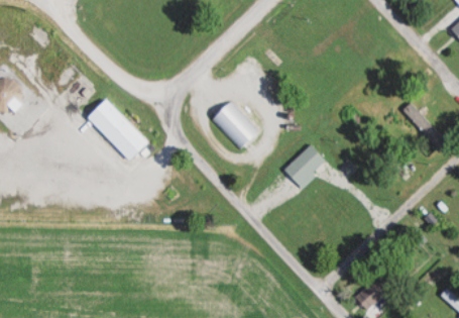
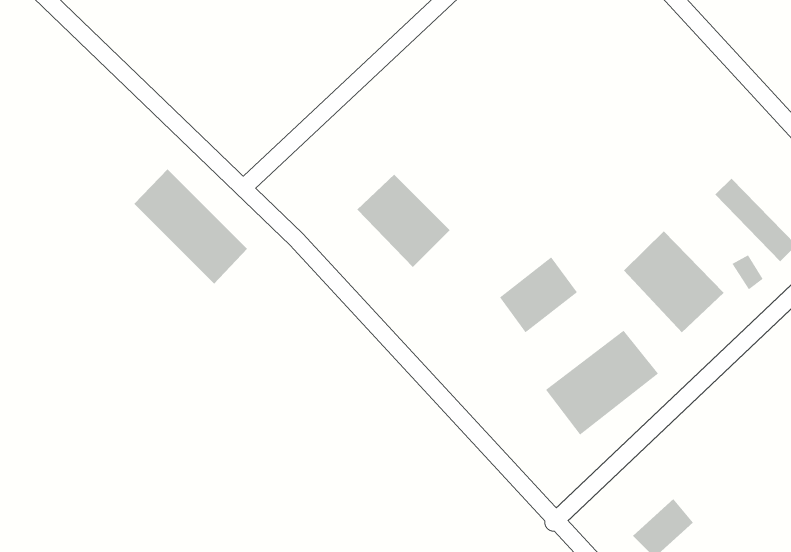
building: none -> [623,230,725,333]
building: none -> [545,330,659,436]

